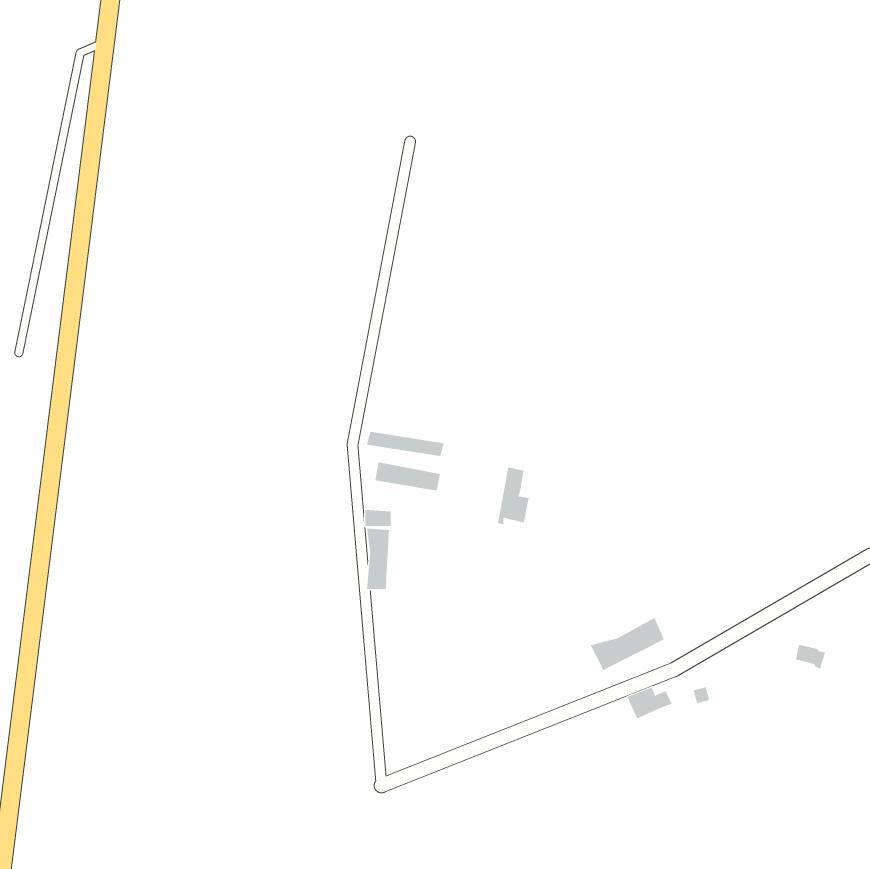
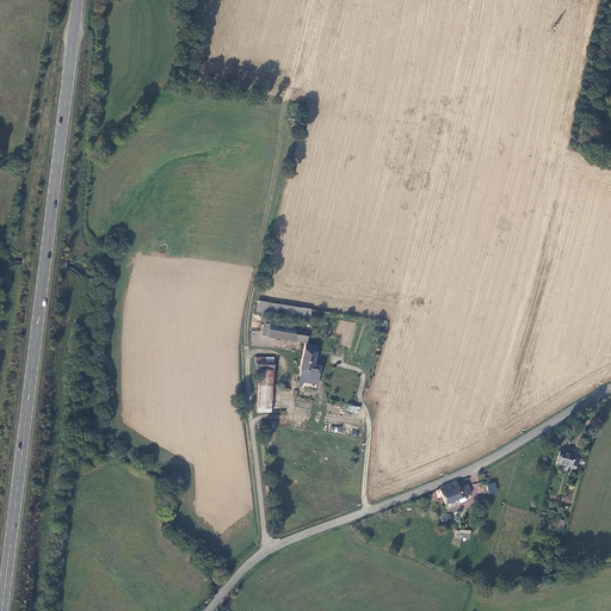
building: [497,467,530,525] -> [298,344,321,384]
building: [590,617,665,671] -> none

